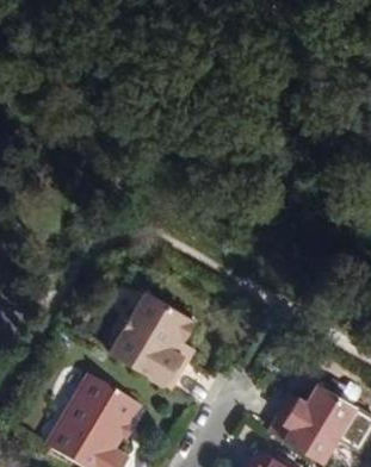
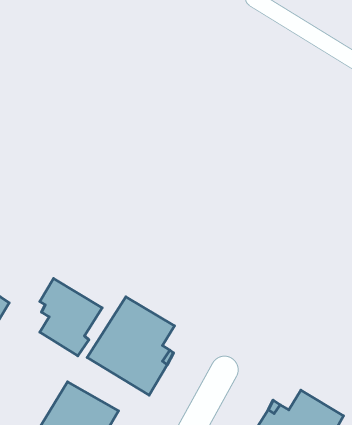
building: none -> [40,278,102,356]

